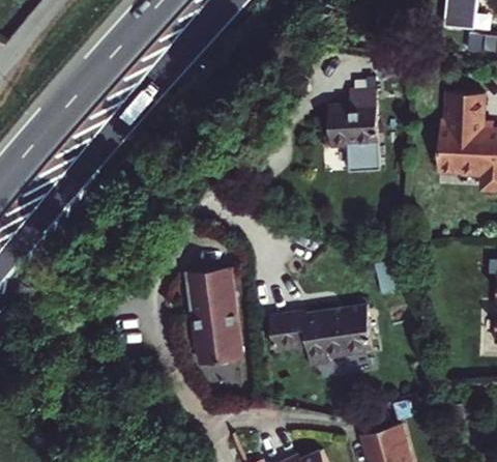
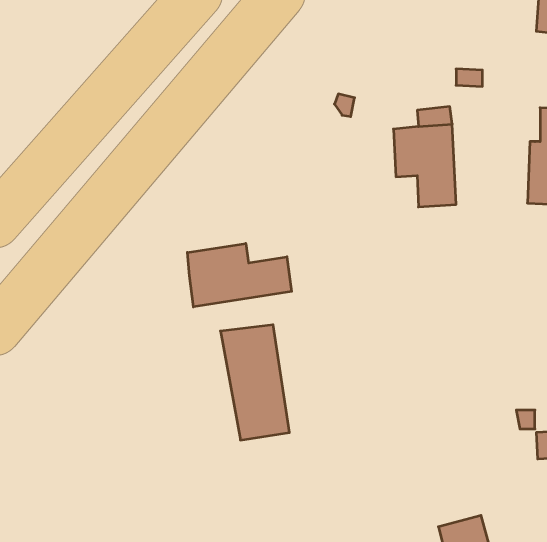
building: none -> [187,243,292,307]
building: [267,307,372,366] -> none

